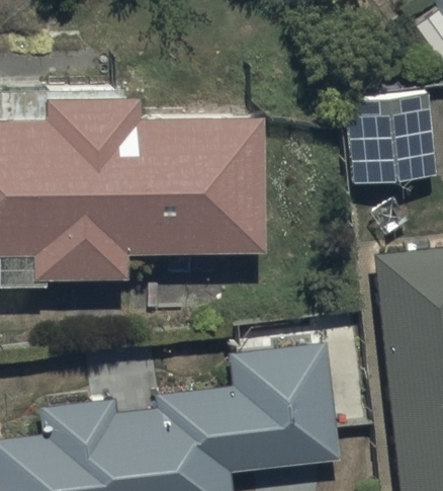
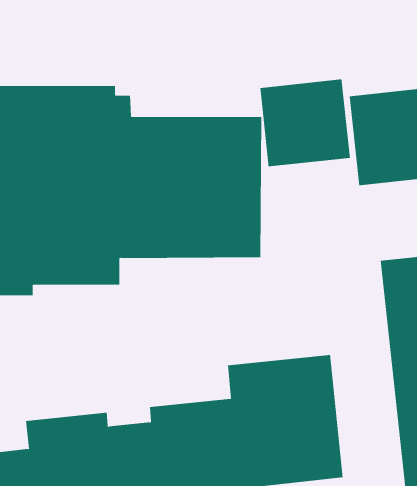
building: none -> [260,79,350,167]

